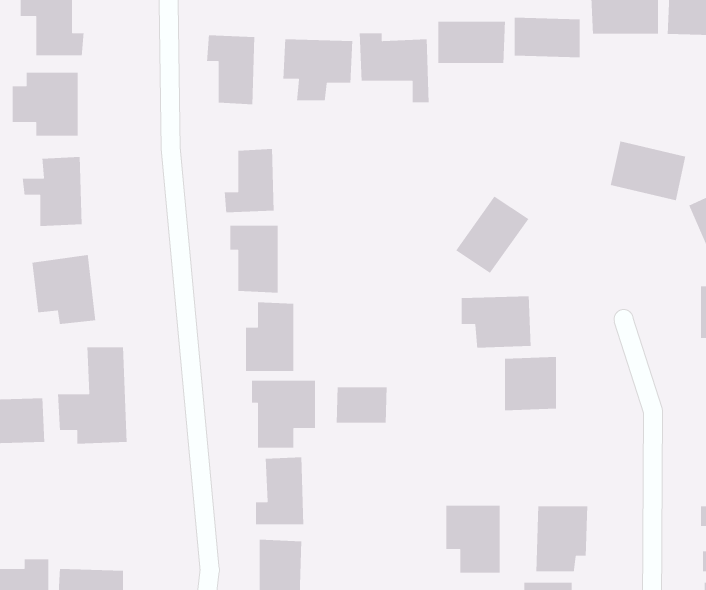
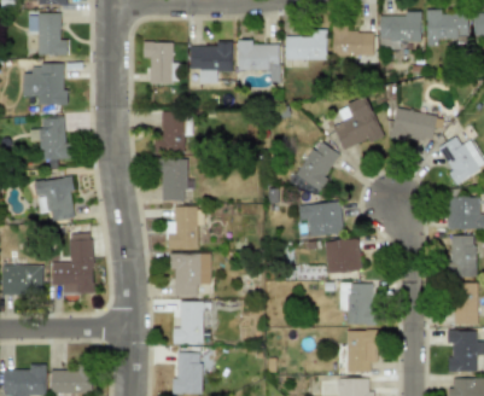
building: none -> [334,97,381,150]
building: [336,386,387,423] -> none
building: [446,505,501,573] -> [339,283,373,325]

